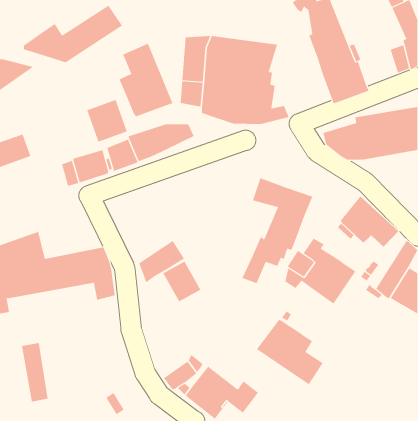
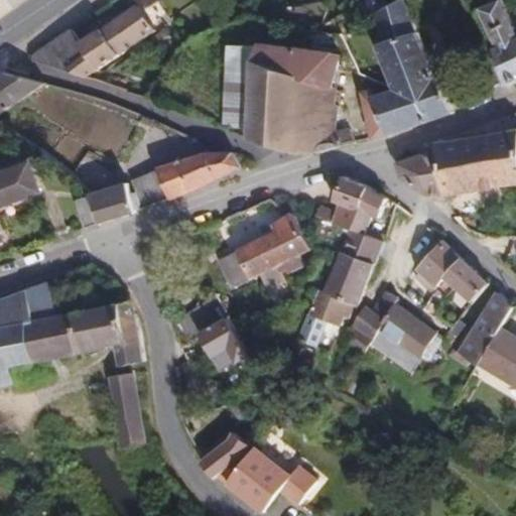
building: [119,43,173,117] -> none
building: none -> [361,89,407,138]
building: [86,99,127,143] -> none
building: none -> [313,175,385,229]
building: none -> [216,212,310,294]
building: [256,319,323,385] -> none
building: [21,343,48,402] -> [110,373,143,445]

